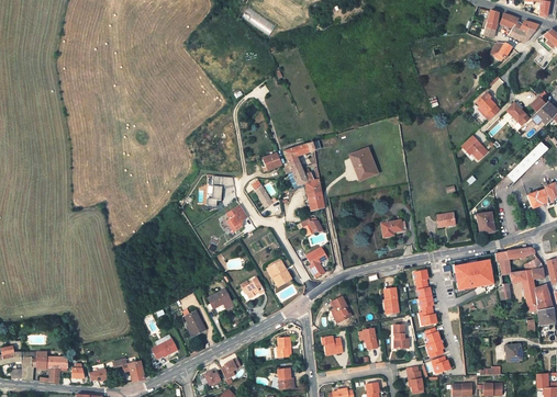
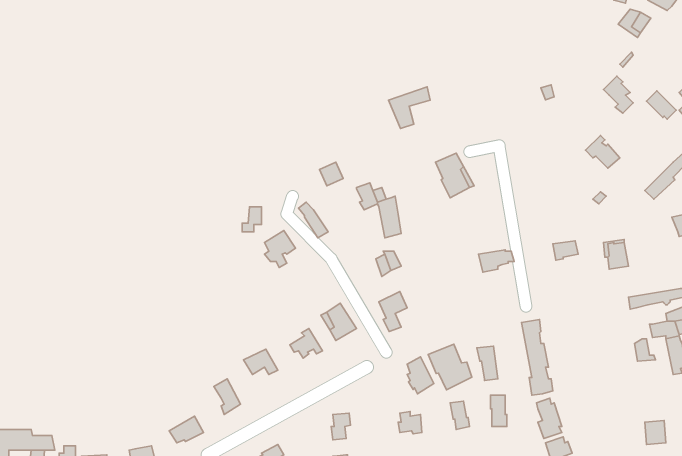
building: [285,141,315,172] -> [388,87,430,129]
building: [457,261,494,290] -> none
building: none -> [428,344,472,390]

